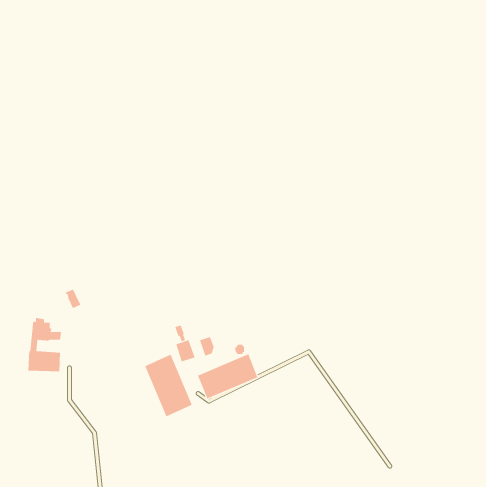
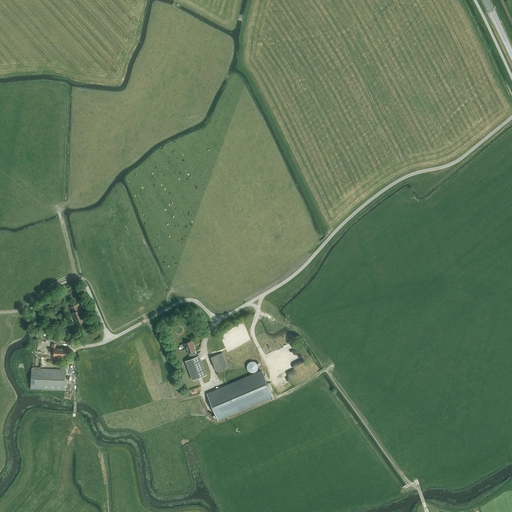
building: [144,354,193,417] -> none

